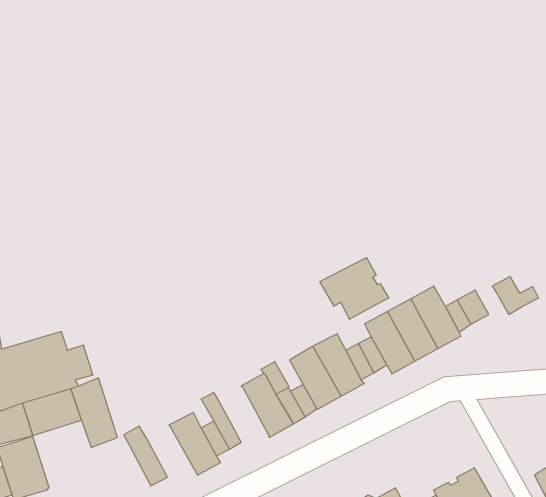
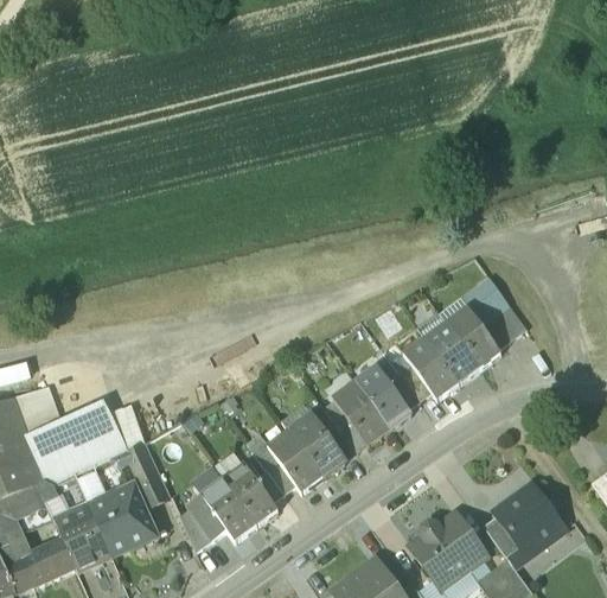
building: [320,258,389,319] -> none
building: [492,276,539,315] -> [460,288,507,326]
building: none -> [266,431,321,492]
building: none -> [87,484,158,555]
building: none -> [199,478,255,541]

